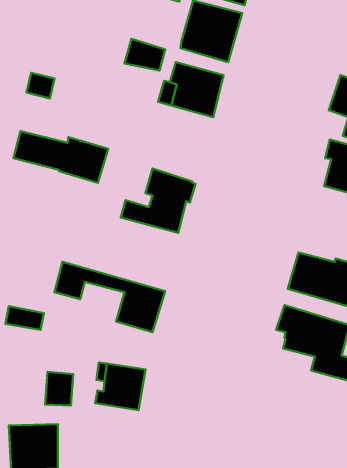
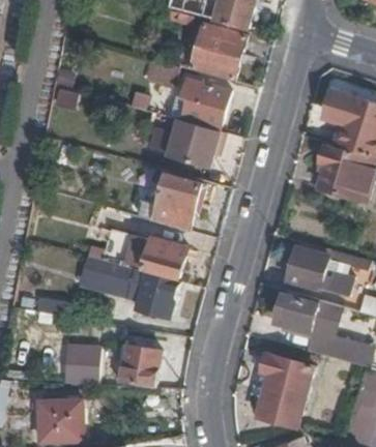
building: none -> [165,118,224,167]
building: [14,131,108,183] -> [103,231,186,276]
building: none -> [257,353,311,425]

